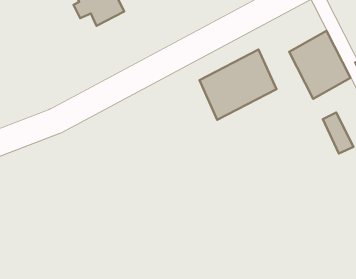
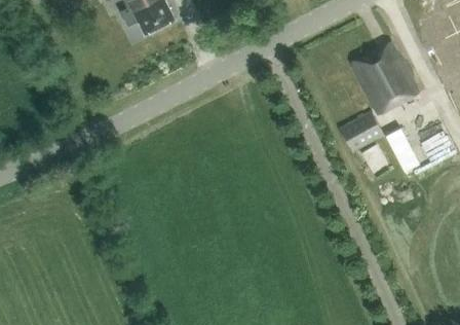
building: [199,50,276,120] -> none
building: none -> [341,110,385,151]

